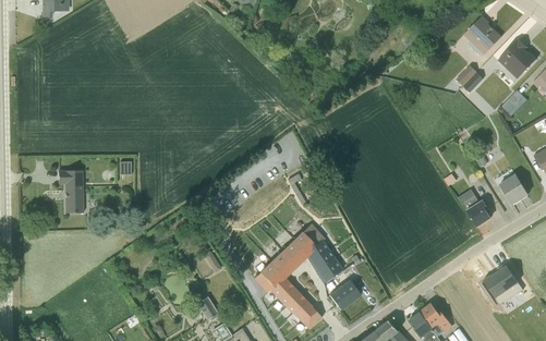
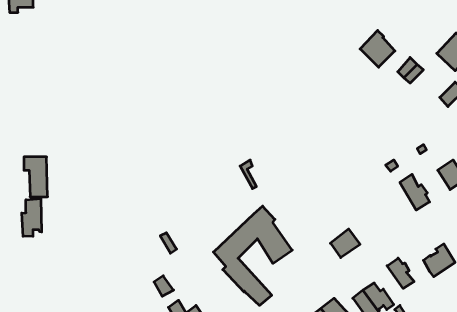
building: [463,15,500,54] -> [360,30,395,67]
building: none -> [22,198,42,236]
building: none -> [387,258,414,288]
building: [329,279,361,309] -> [330,229,360,258]

